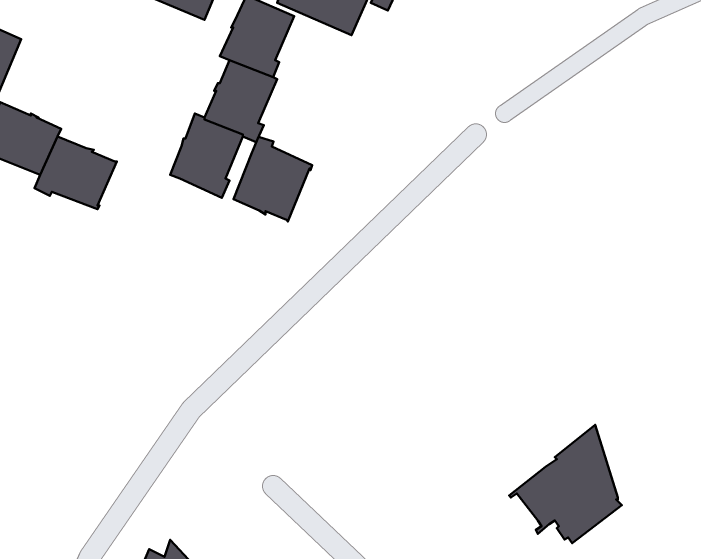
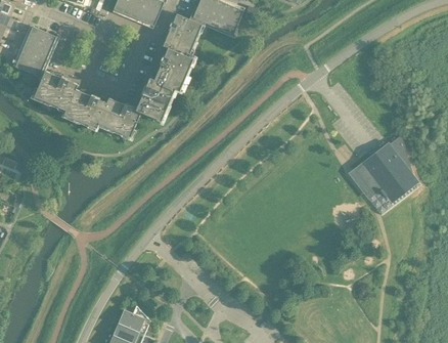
building: [233,137,312,221] -> none
building: none -> [96,97,140,137]
building: [509,425,622,543] -> [354,135,414,199]

